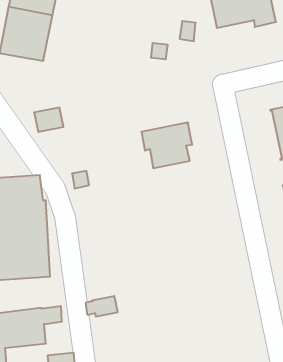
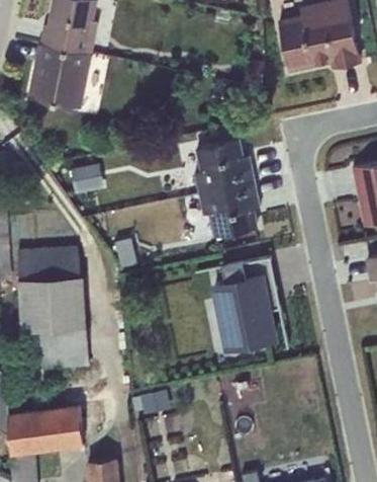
building: none -> [194,140,254,194]
building: none -> [210,257,281,350]

